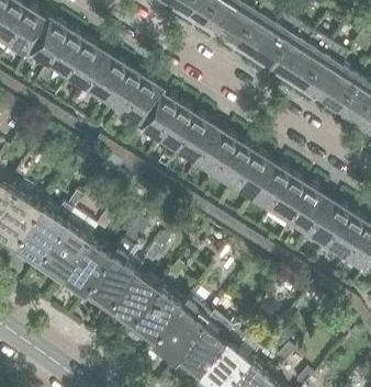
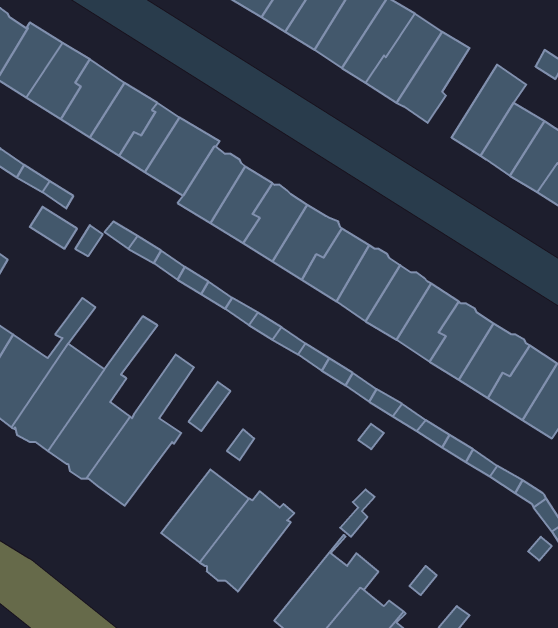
building: [289,34,330,88] -> none
building: [106,271,158,326] -> none
building: [173,314,238,378] -> none

